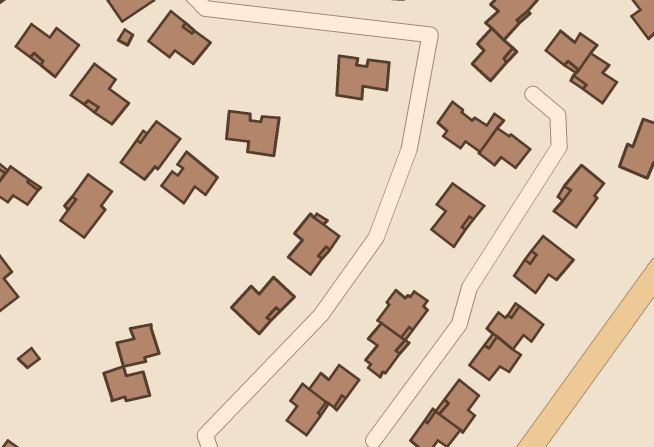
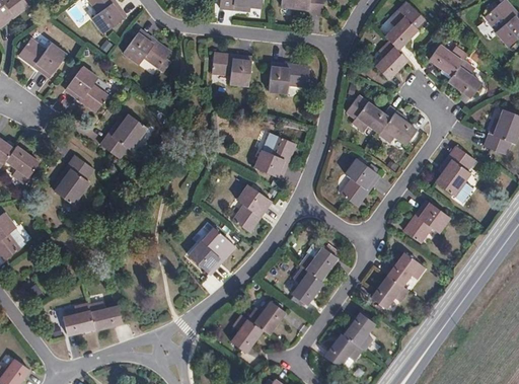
building: [227,111,279,156] -> [212,52,252,86]
building: none -> [252,133,294,178]
building: [162,152,218,203] -> none
building: [117,324,159,367] -> [62,302,94,334]

